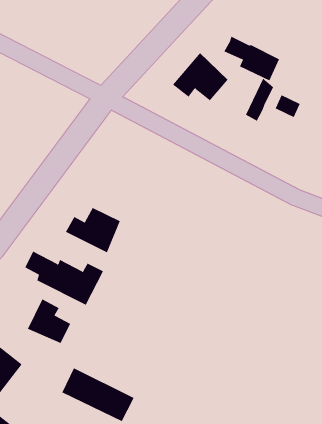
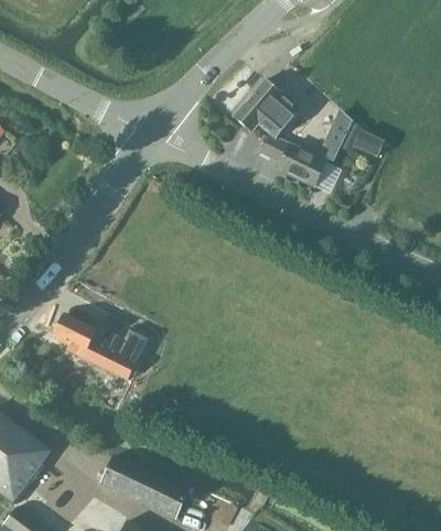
building: [224,36,280,81] -> [259,133,326,187]
building: [65,207,120,253] -> none
building: [27,298,71,344] -> none

